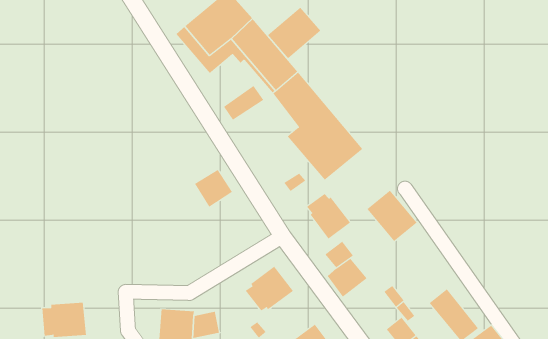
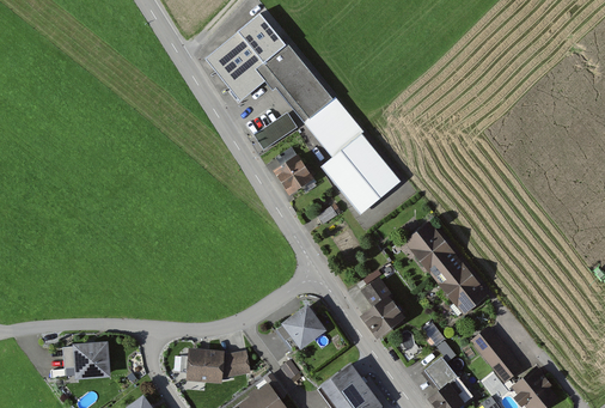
building: [267,7,321,59] -> none
building: [194,169,233,208] -> [273,153,313,194]
building: [306,193,351,239] -> none
building: none -> [433,257,488,315]

